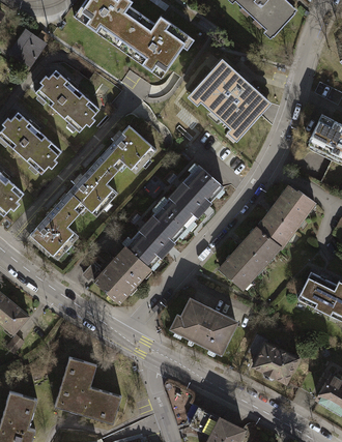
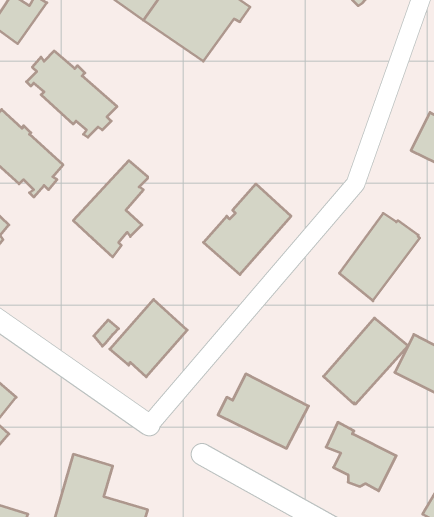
building: [190,61,266,137] -> none
building: [108,125,156,173] -> none
building: [29,190,82,260] -> none
building: [124,206,187,268] -> none
building: [220,227,280,288] -> [323,318,408,404]

